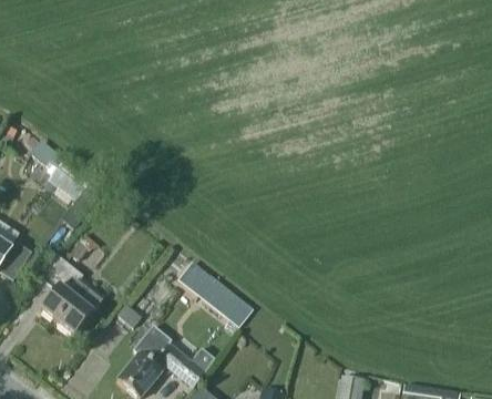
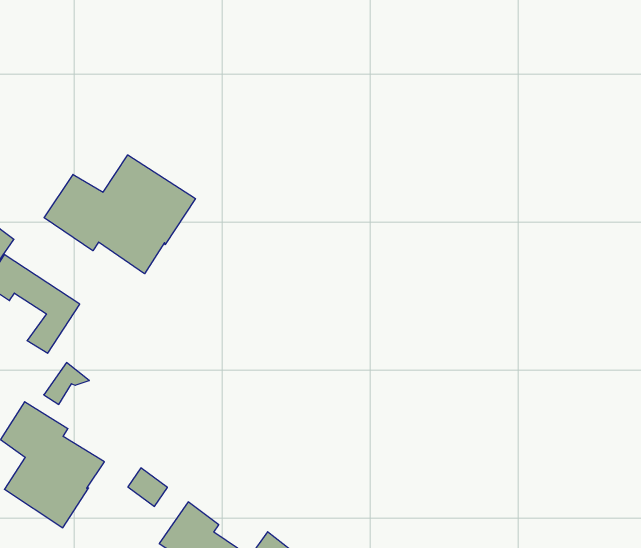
building: none -> [44,155,195,274]
building: [177,260,254,327] -> none

